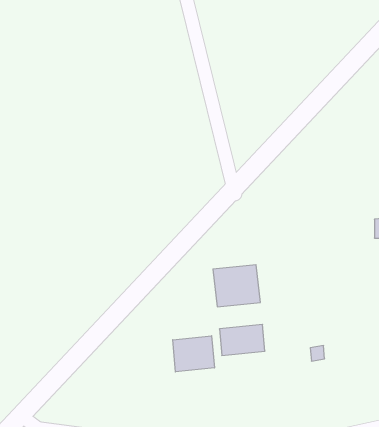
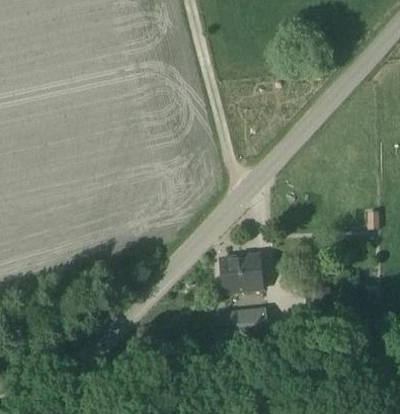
building: [173,336,214,372] -> none

